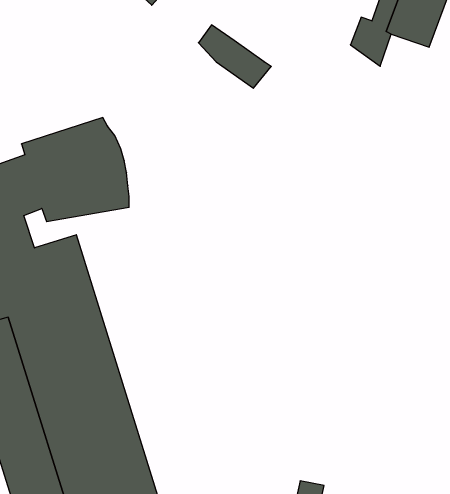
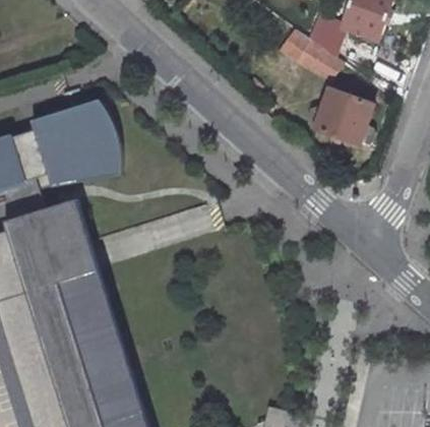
building: [198,25,271,88] -> [279,25,341,79]
building: none -> [304,87,373,144]

